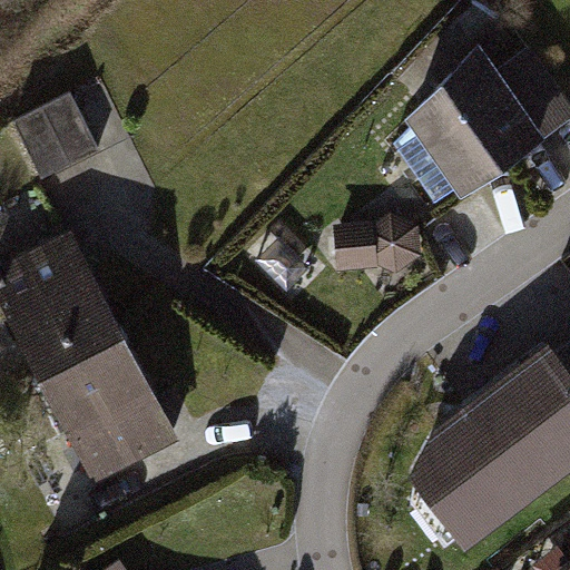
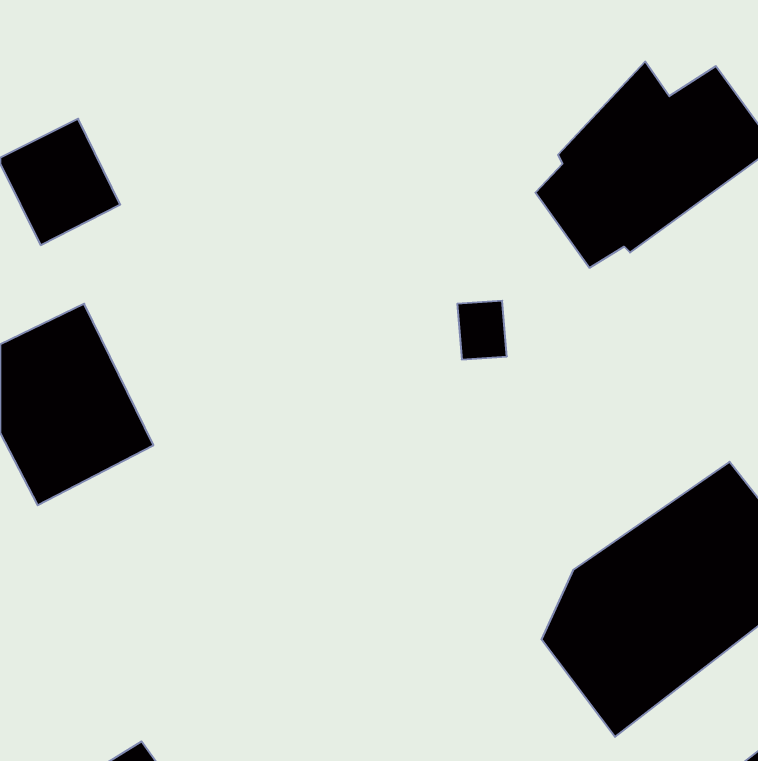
building: [36,335,176,484] -> none

